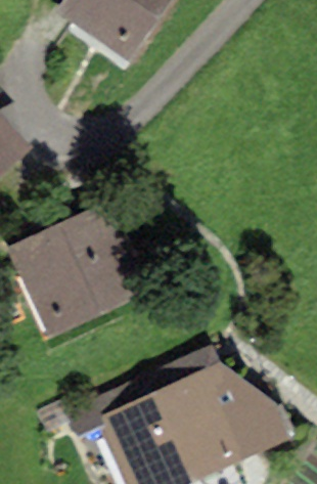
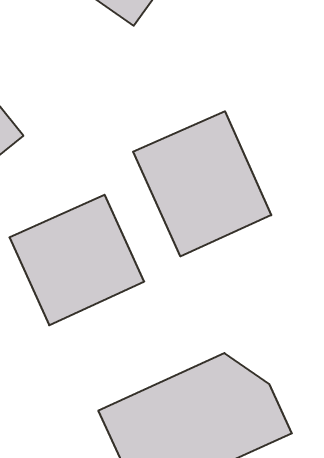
building: none -> [133,111,271,256]

